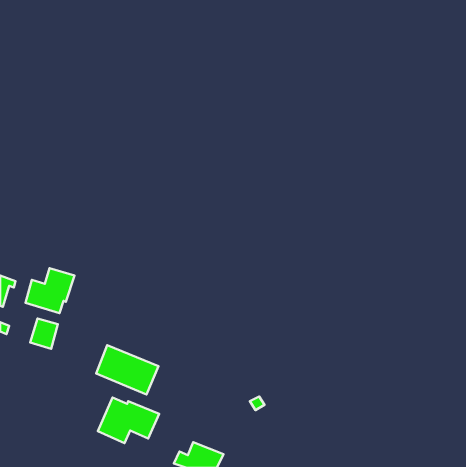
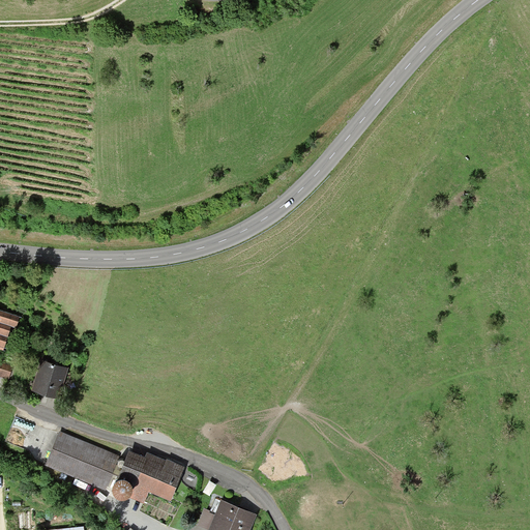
building: [25,268,75,313] -> none
building: [96,345,158,395] -> [48,433,118,489]

